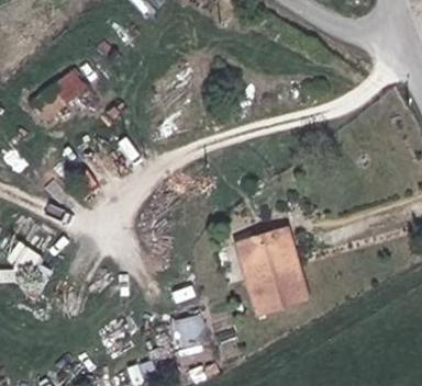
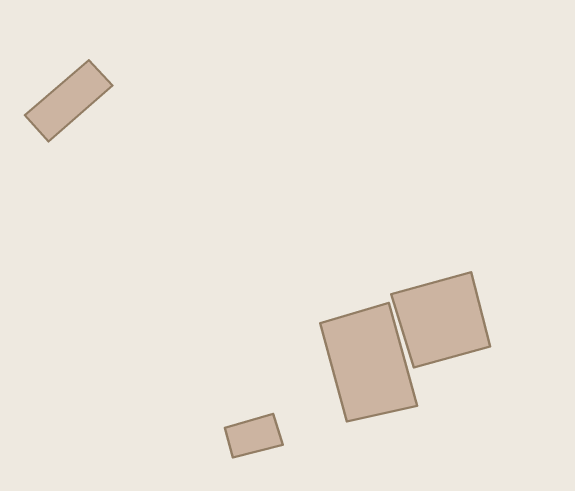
building: none -> [391,272,490,368]

